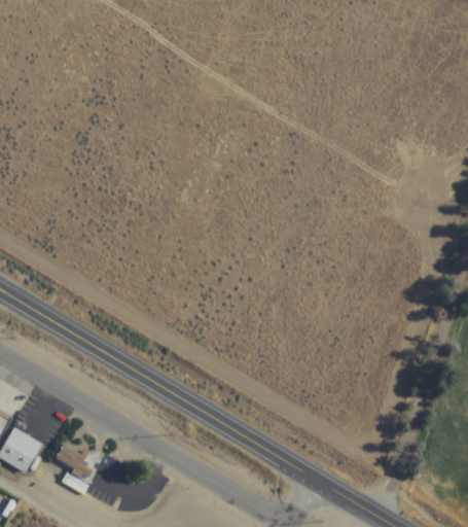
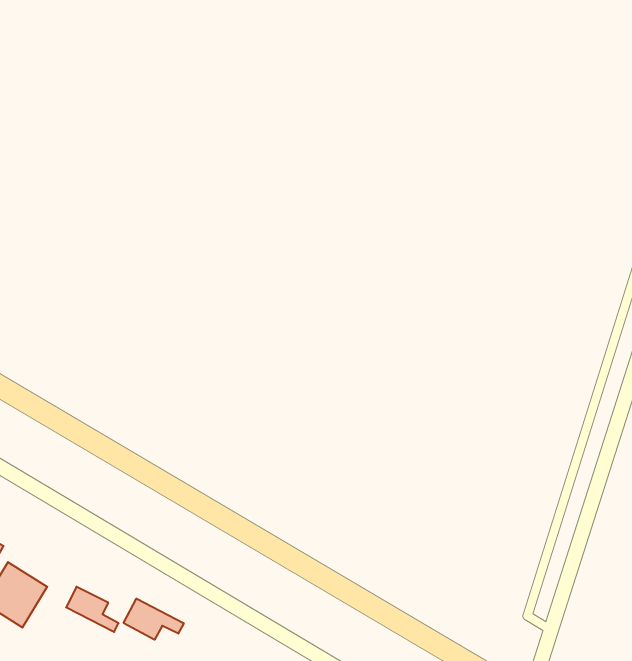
building: none -> [124,599,184,640]

